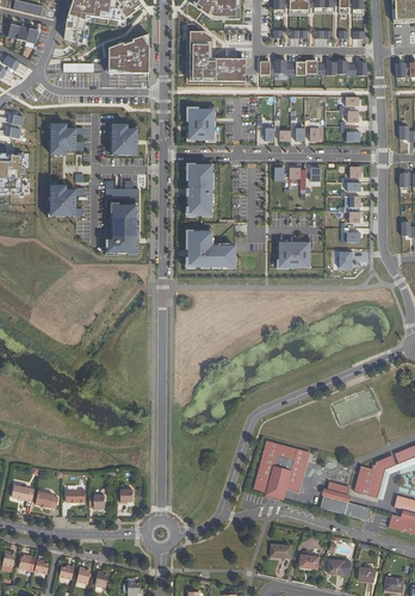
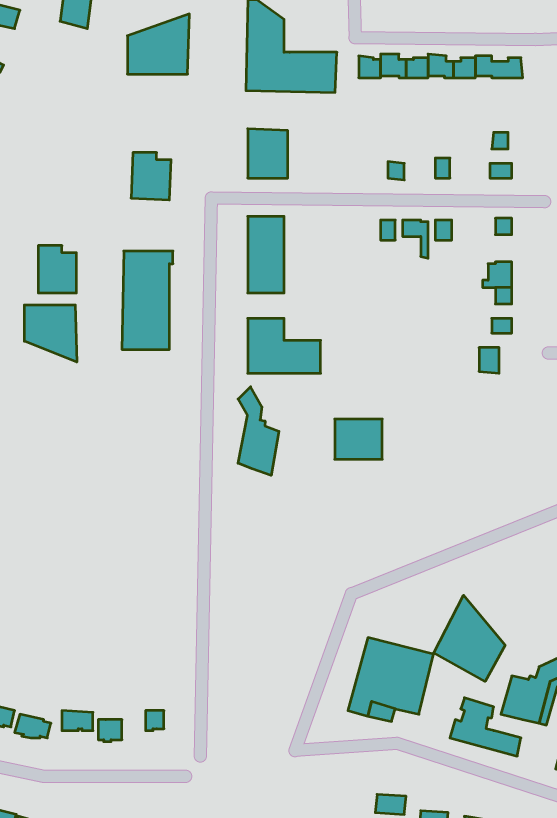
building: [51,123,76,154] -> none
building: none -> [24,305,77,362]
building: [279,242,310,268] -> [335,419,382,459]
building: none -> [238,387,279,475]
building: none -> [434,595,505,681]

